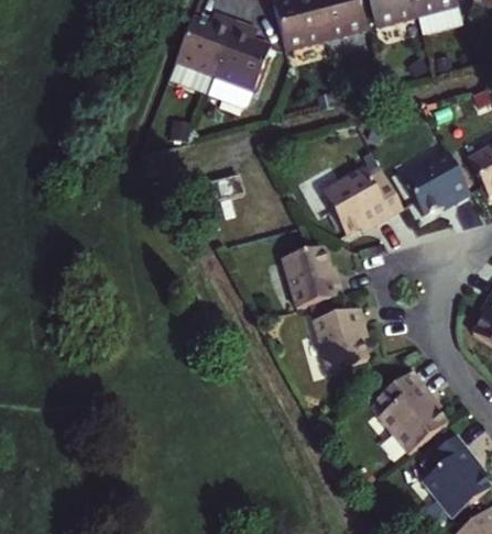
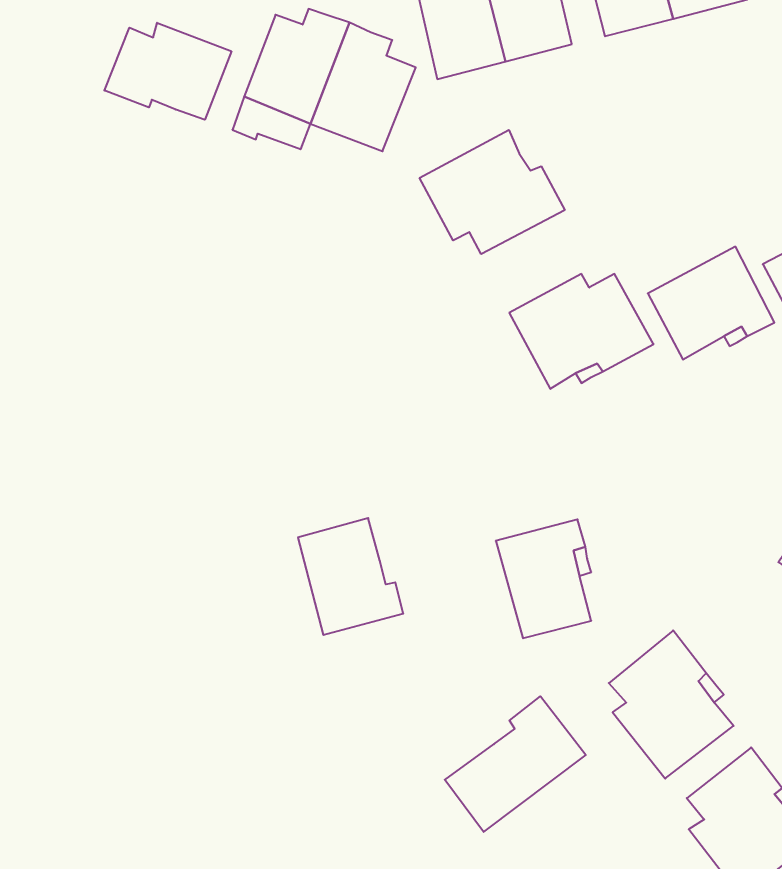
building: none -> [104,23,231,120]
building: none -> [420,130,565,254]
building: [282,240,341,305] -> [298,518,403,635]
building: none -> [445,696,586,832]

